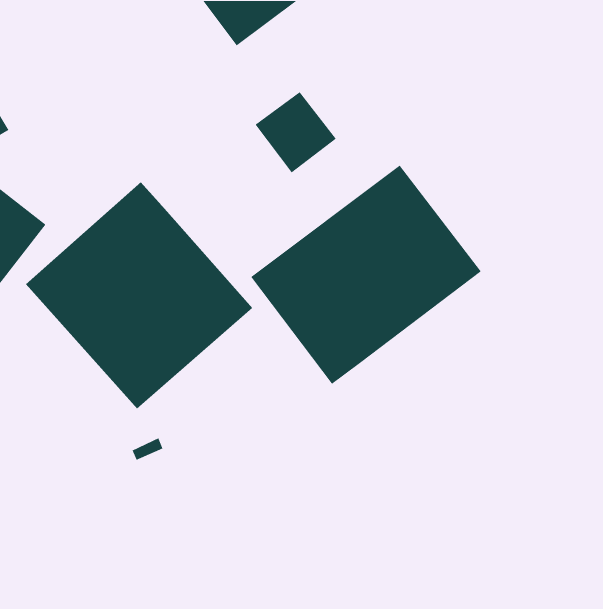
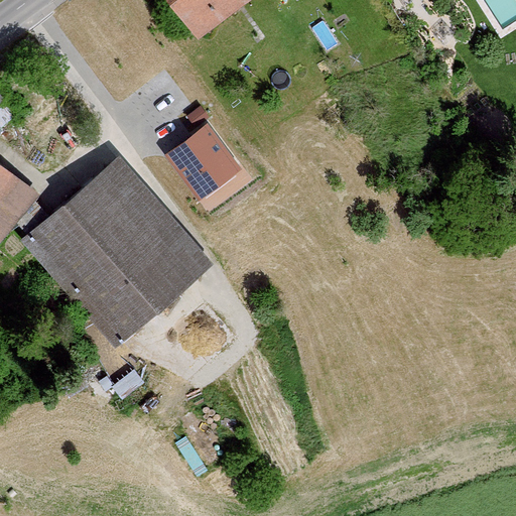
building: [254,91,337,174] -> [162,129,232,199]
building: [250,164,482,385] -> none

